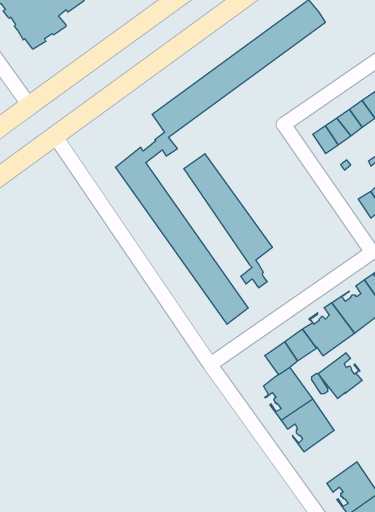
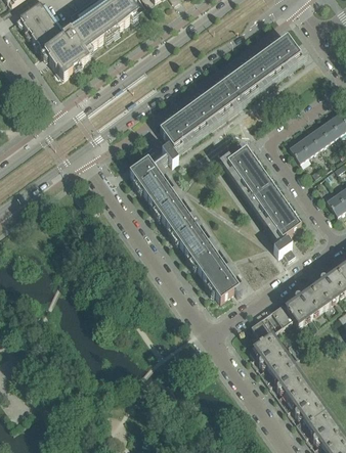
building: [184,154,272,288] -> [227,147,299,256]
building: [318,353,362,399] -> none
building: none -> [283,383,326,426]

